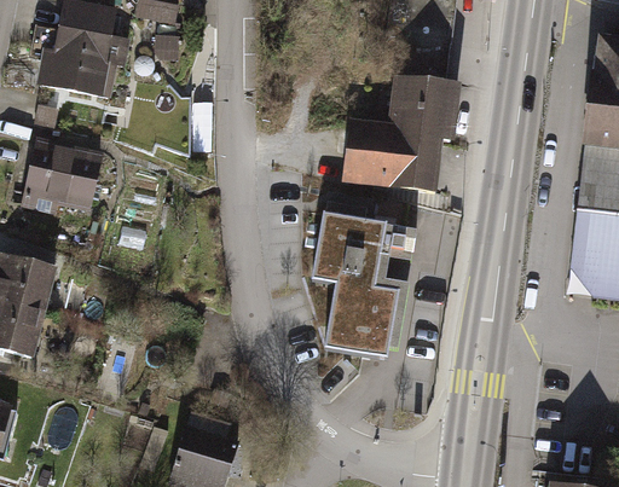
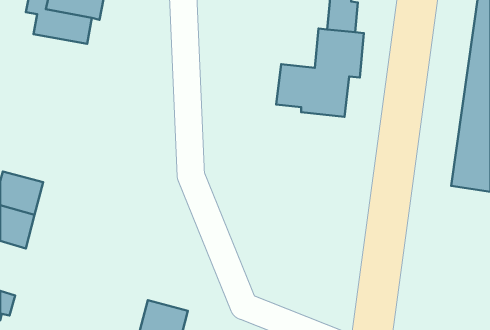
building: [27,143,103,211] -> none
building: [313,216,401,364] -> none

